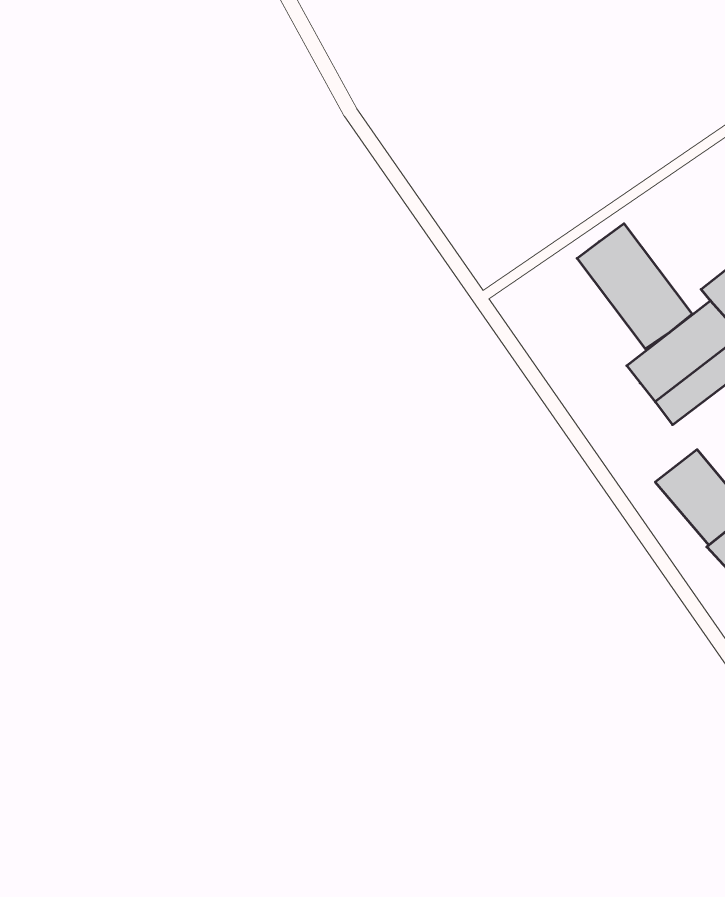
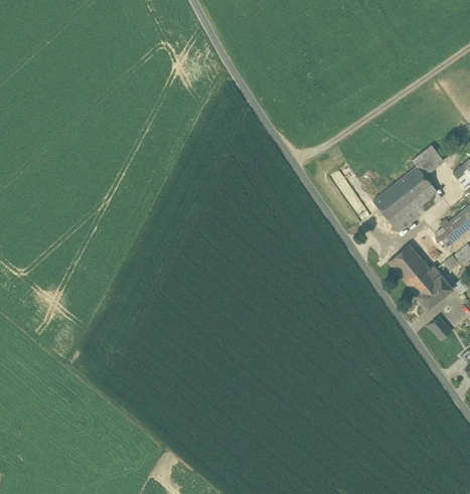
building: [577,224,692,349] -> none

